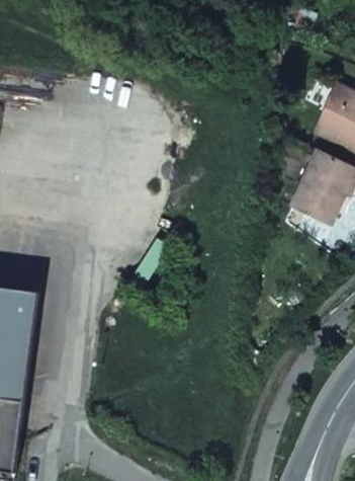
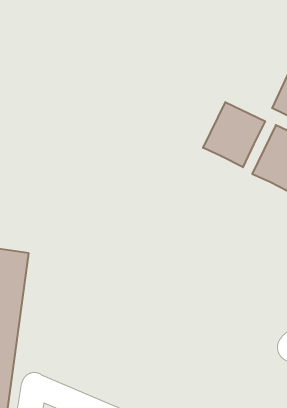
building: none -> [203,102,265,167]

